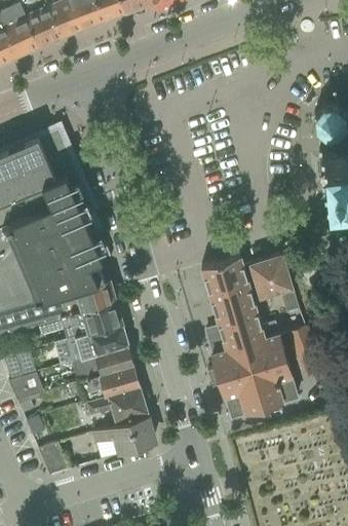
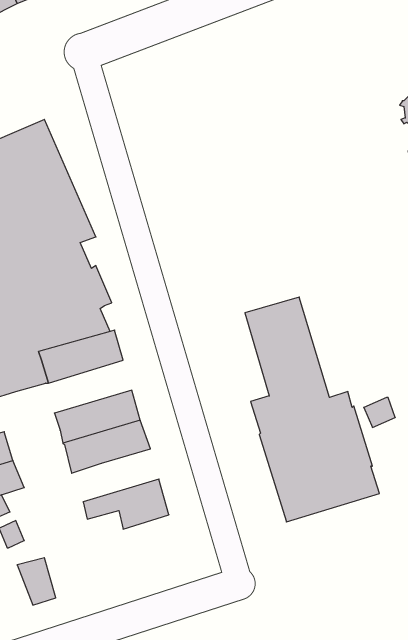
building: [250,258,299,316] -> none
building: [37,303,120,341] -> none
building: [68,367,140,405] -> none
building: [90,418,152,458] -> none

